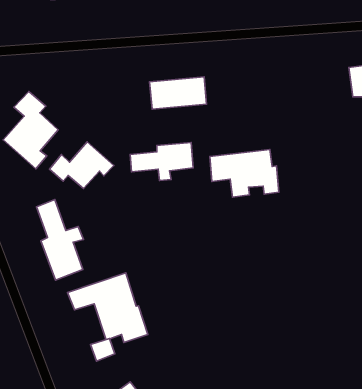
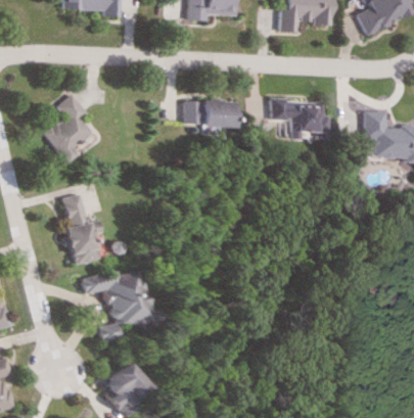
building: [50,142,114,189] -> none
building: [130,142,193,180] -> none
building: [210,150,279,197] -> [266,99,325,139]

